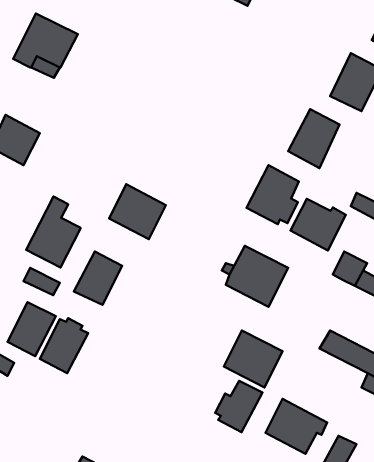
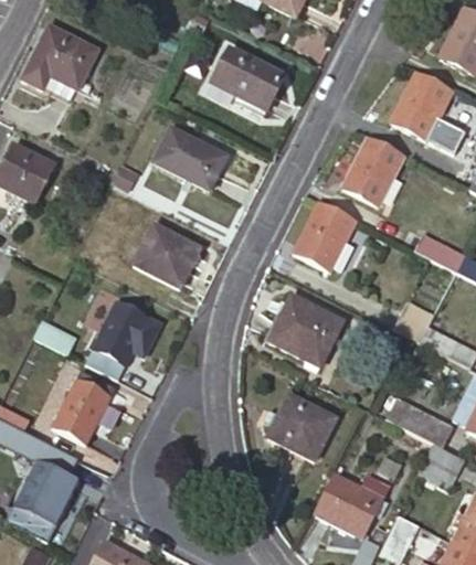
building: none -> [212,49,285,110]
building: none -> [154,128,226,189]
building: [26,197,80,268] -> none
building: [290,199,346,250] -> none
building: [7,302,56,356] -> [13,459,70,522]
building: [215,381,262,432] -> none

